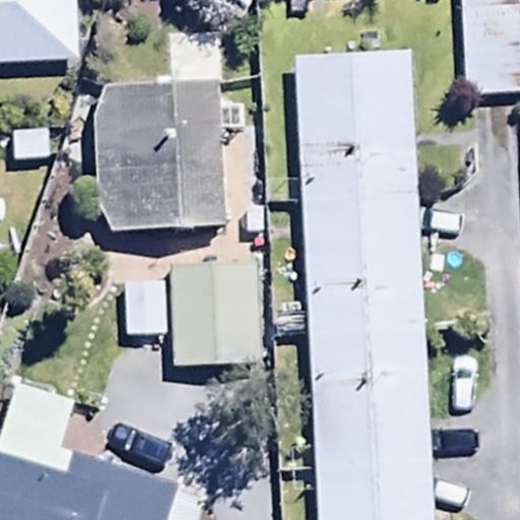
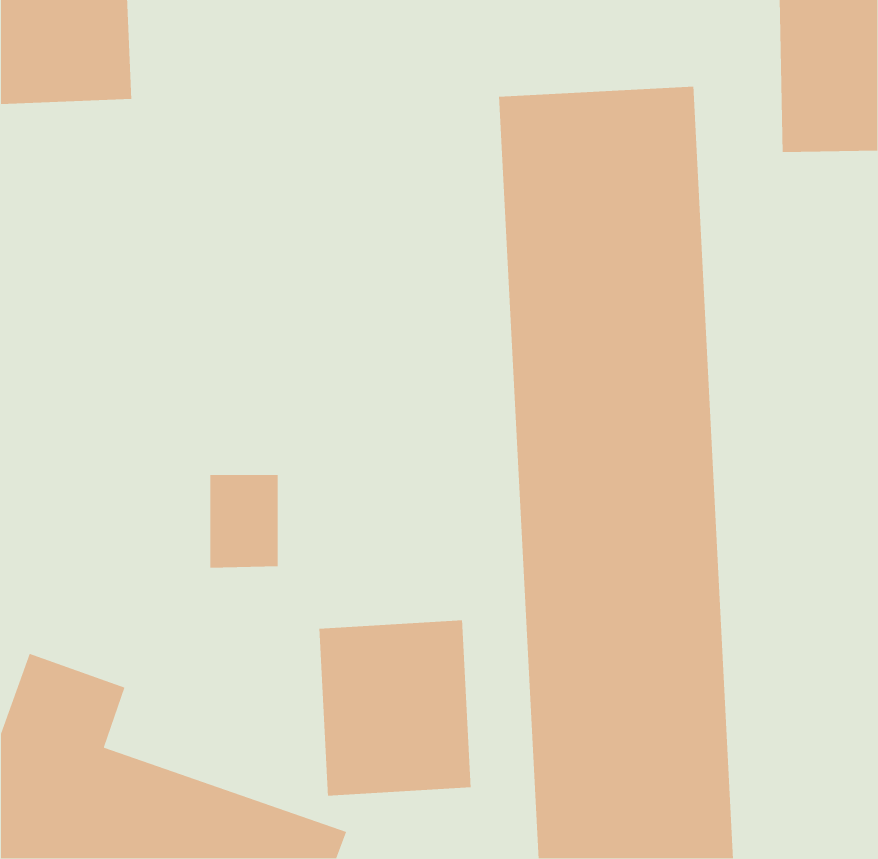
building: [100,88,223,226] -> none
building: [171,261,261,366] -> [319,619,472,796]

